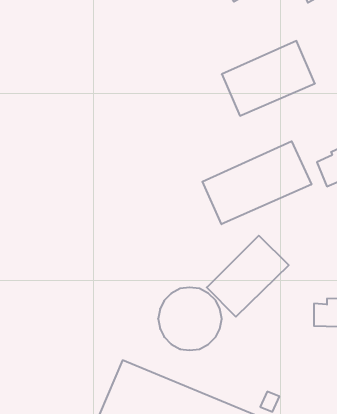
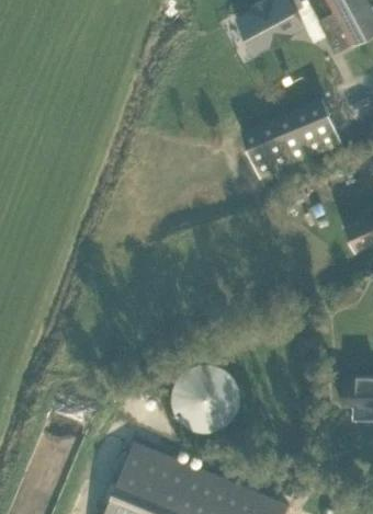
building: [202,141,311,224] -> none
building: [207,236,289,317] -> none

